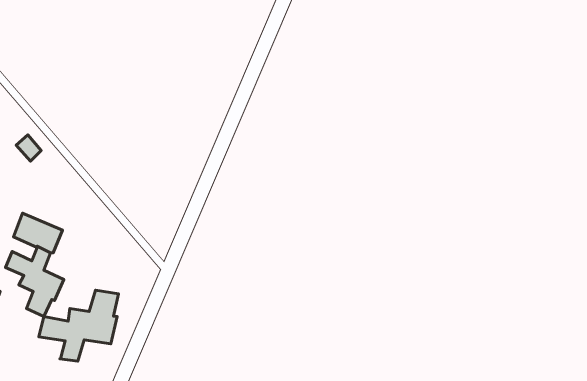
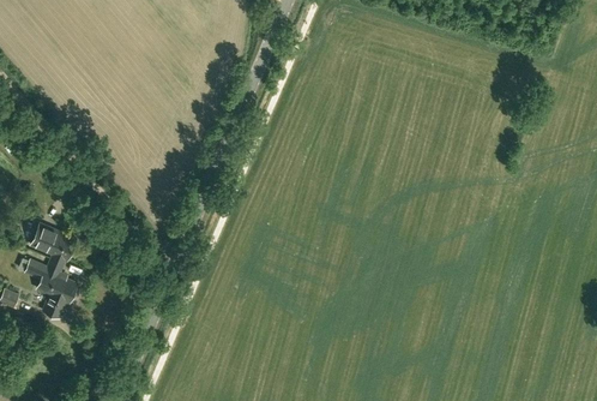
building: [39,290,118,361] -> none

